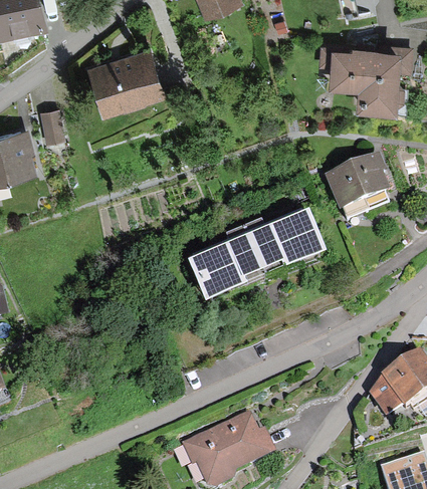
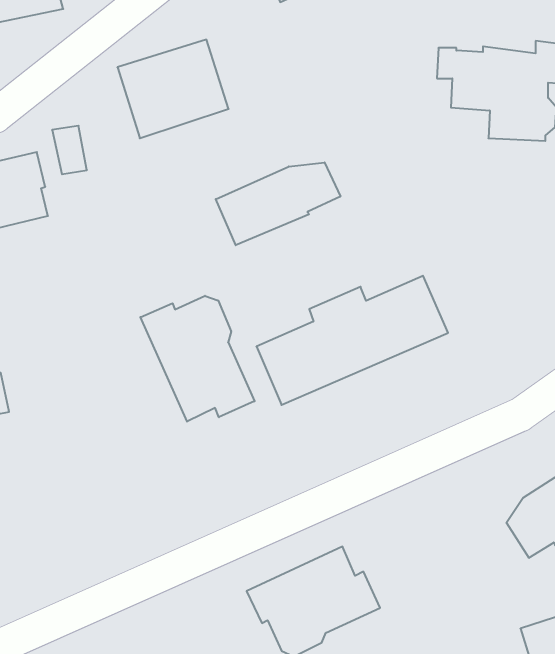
building: none -> [216,162,340,245]
building: [324,151,390,218] -> none
building: none -> [140,296,255,422]

